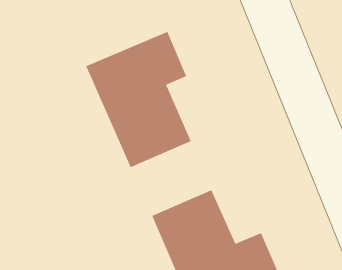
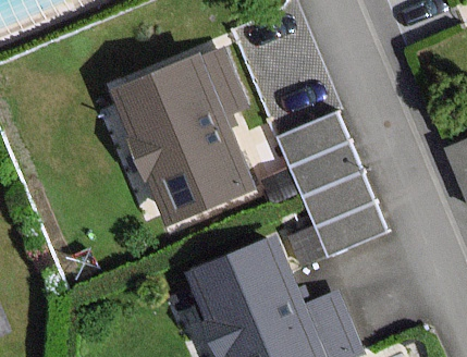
building: none -> [281,115,381,251]

